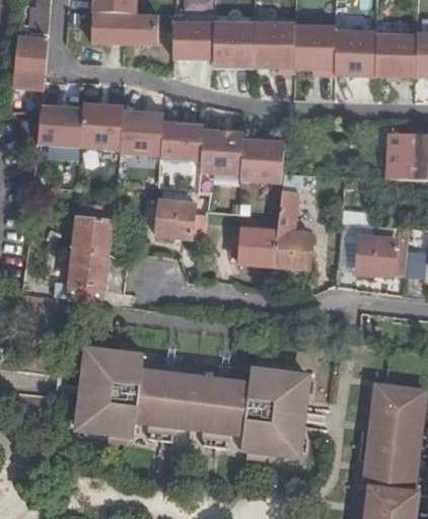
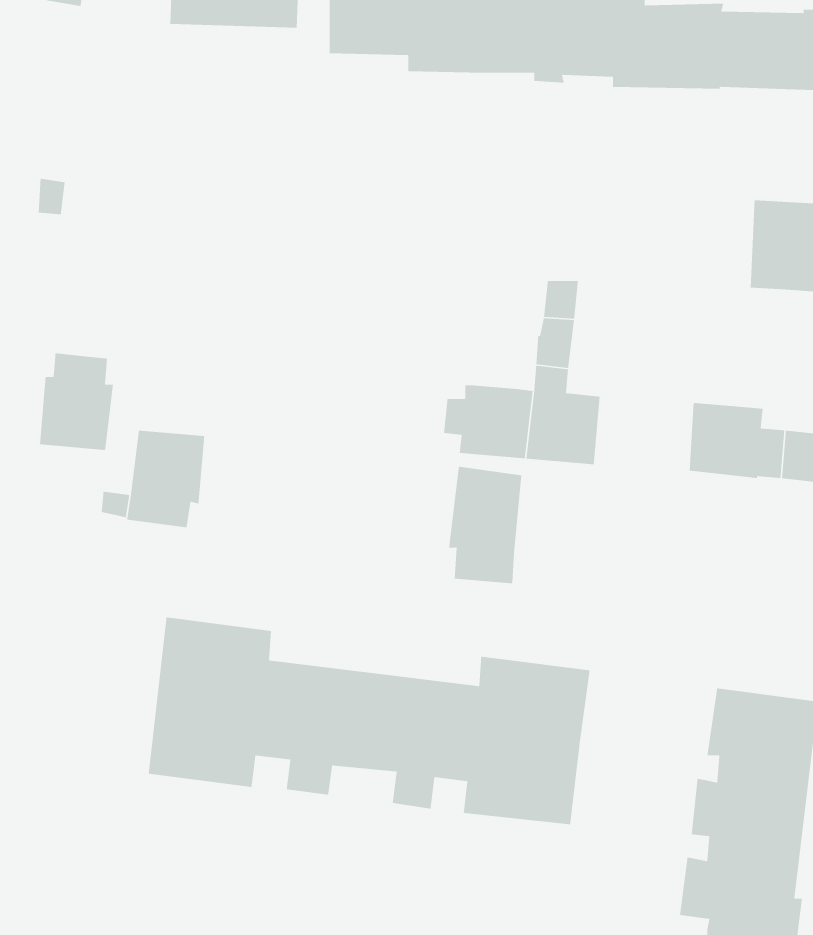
building: [15,39,49,83] -> none
building: [40,96,283,184] -> none
building: [157,189,208,241] -> none
building: [74,205,113,255] -> [39,352,114,451]
building: none -> [448,466,522,584]

